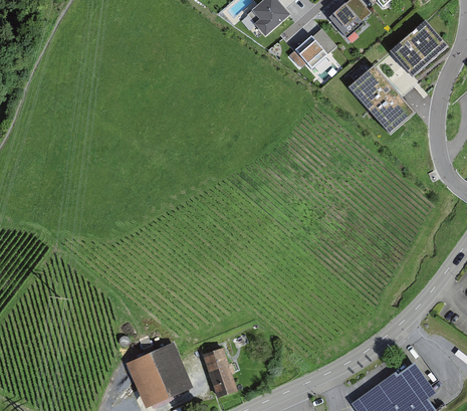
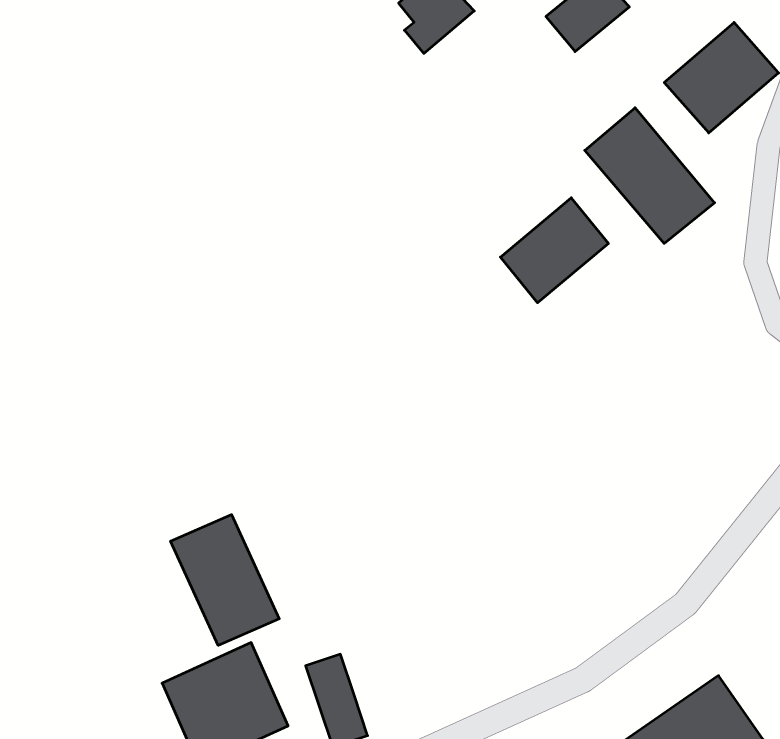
building: [285,29,334,70] -> none
building: none -> [500,198,608,303]
building: none -> [171,515,279,645]

